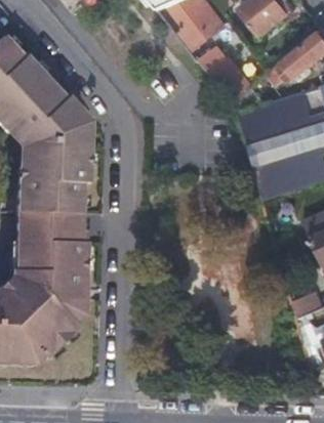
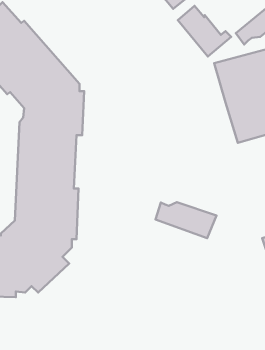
building: none -> [155,202,216,238]

